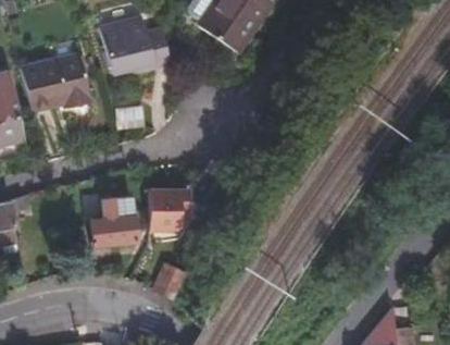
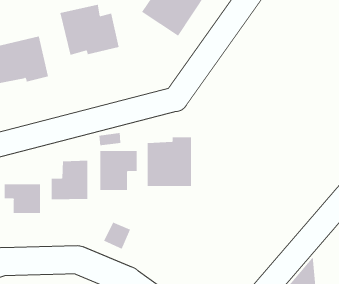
building: none -> [147,136,192,187]
building: none -> [4,183,41,214]

